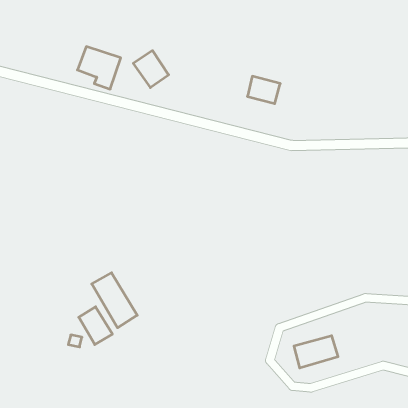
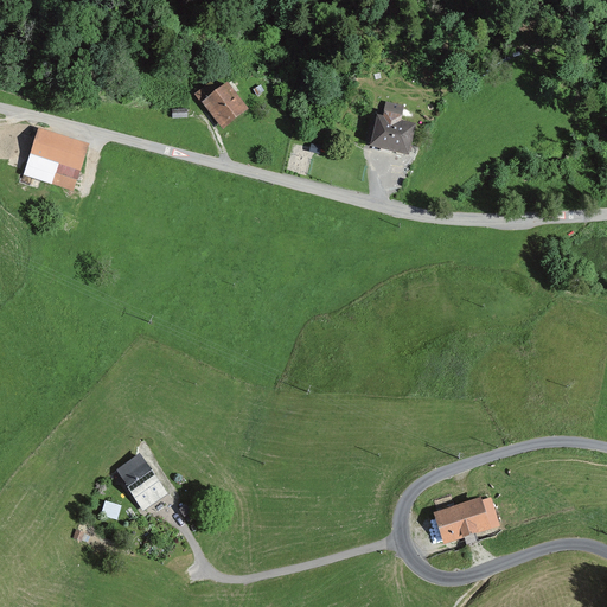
building: [77,47,121,89] -> [25,128,89,191]
building: [92,273,137,328] -> none

